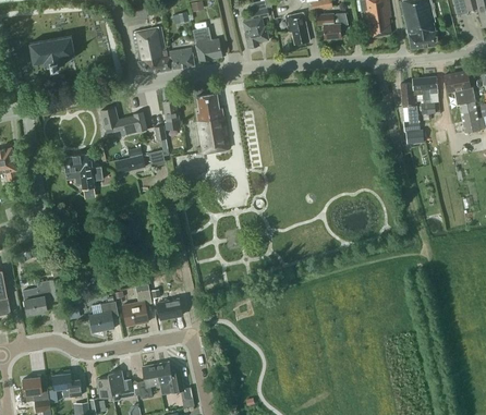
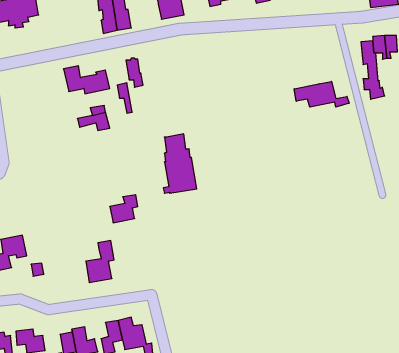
building: [165,48,194,69] -> none
building: [195,93,229,152] -> [163,134,197,193]
building: none -> [294,81,349,107]
building: [62,154,102,198] -> none
building: [157,291,185,319] -> [110,195,138,223]
building: [88,301,118,332] -> none

